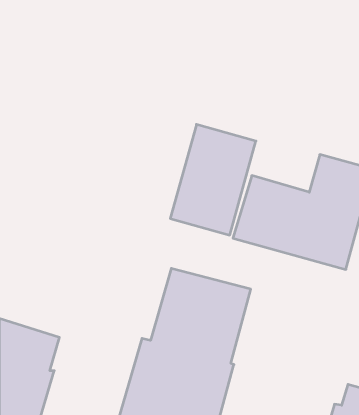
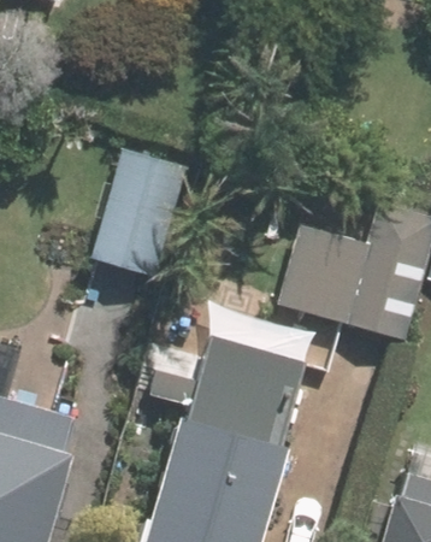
building: [170,124,256,235] -> [87,149,185,277]

